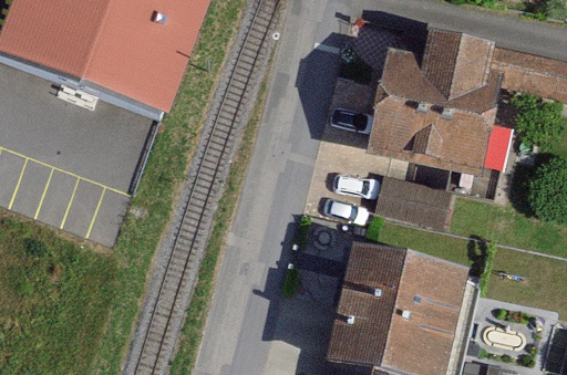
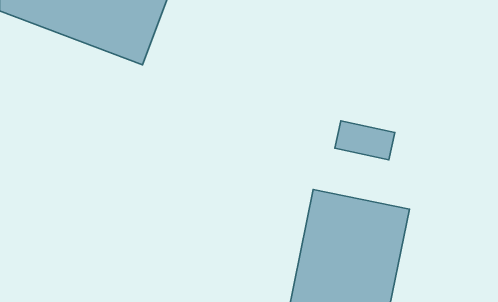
building: [372,49,502,171] -> none

